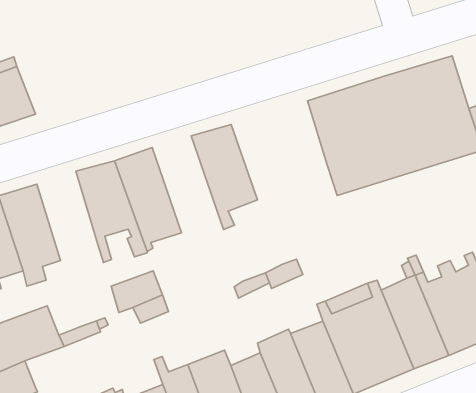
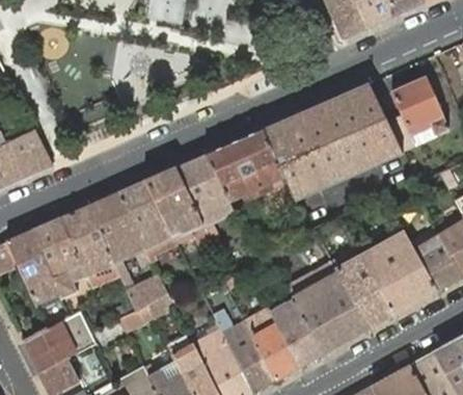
building: none -> [207,129,284,202]
building: none -> [147,166,212,246]
building: none -> [61,204,119,284]

